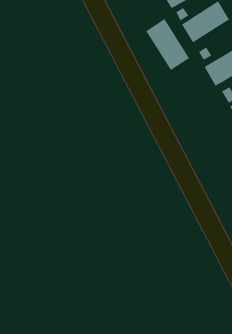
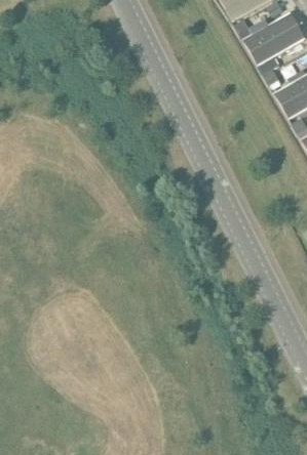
building: [145,18,190,71] -> none

